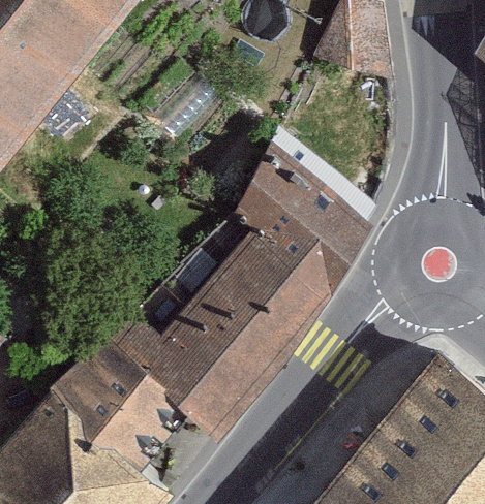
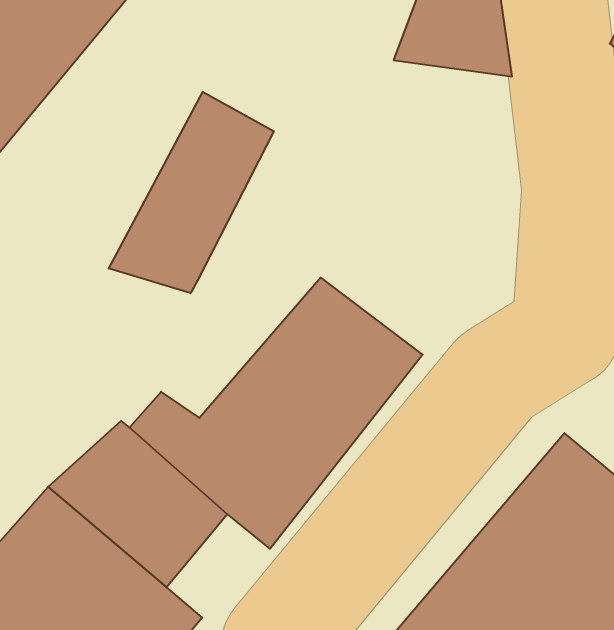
building: none -> [109,92,274,293]
building: [233,134,384,293] -> none

